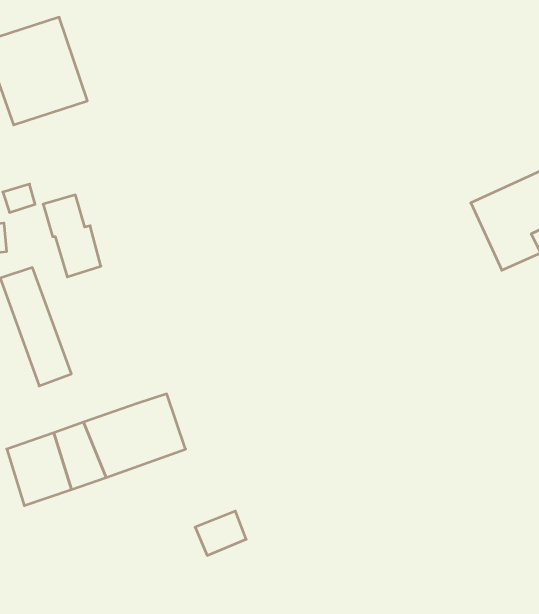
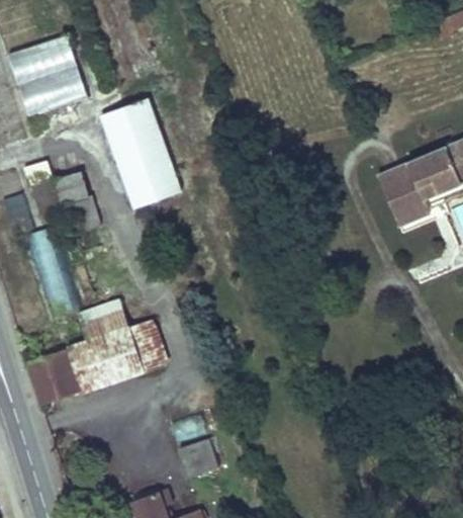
building: none -> [102,99,182,208]
building: none -> [78,304,126,342]
building: none -> [181,438,216,474]

